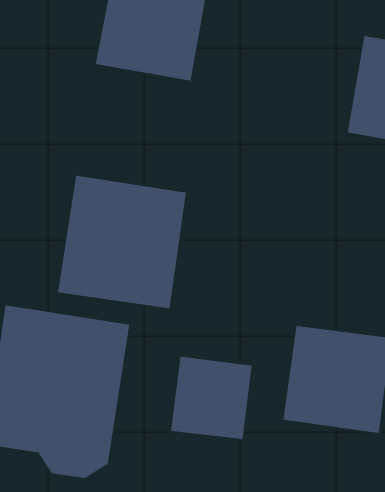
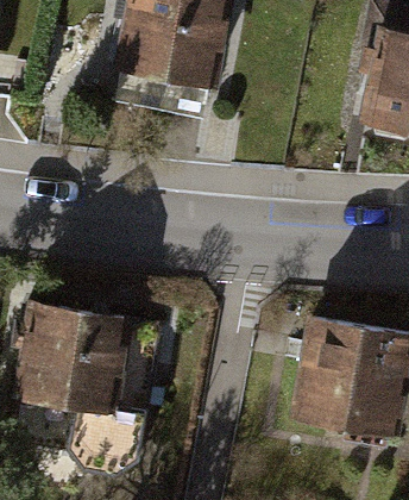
building: [57,175,187,309] -> none
building: [170,356,252,440] -> none

